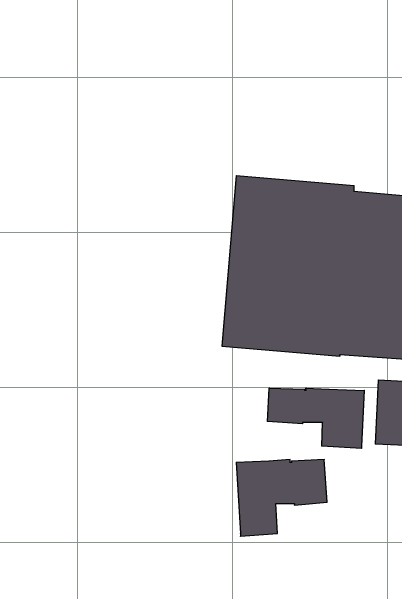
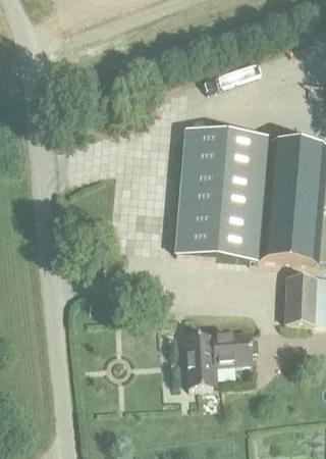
building: [267,388,364,448] -> none

